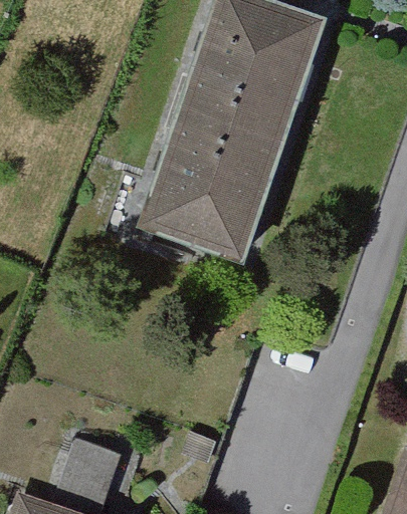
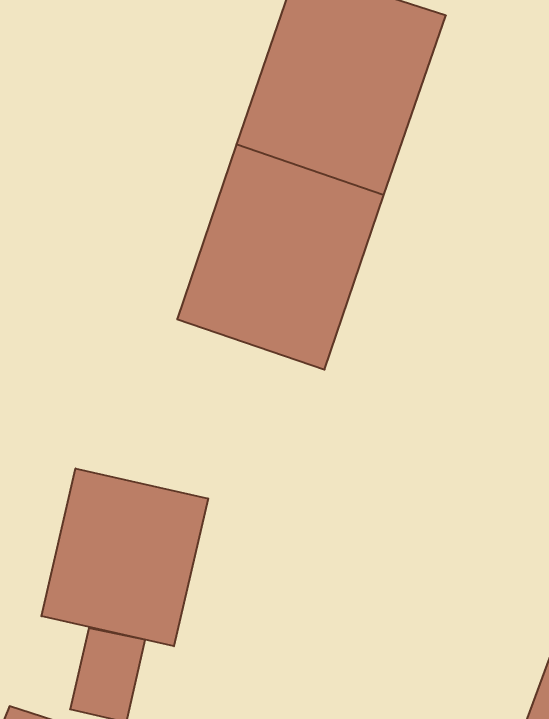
building: none -> [41,468,208,646]

